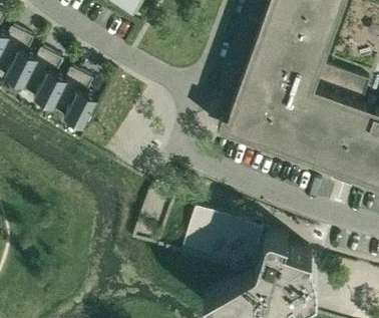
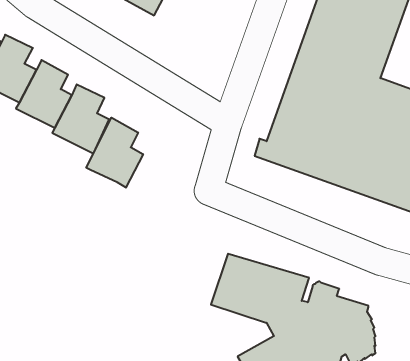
building: none -> [86,118,143,188]

